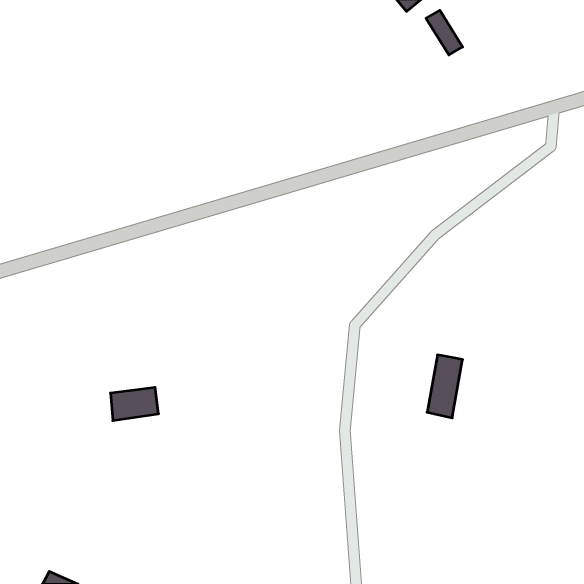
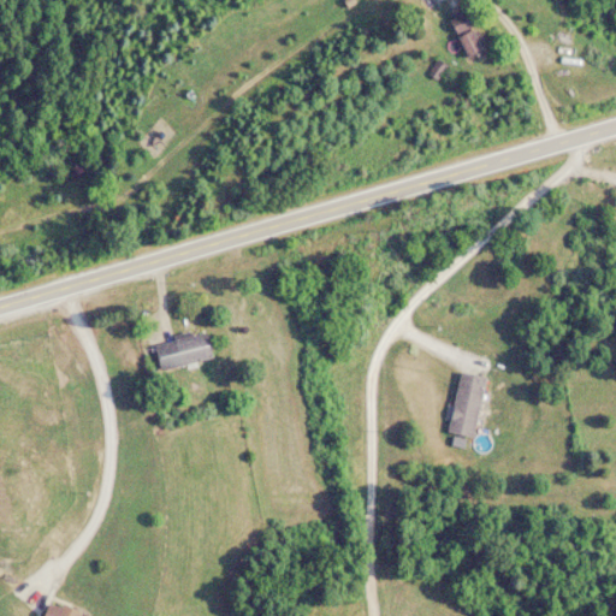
building: [110,387,159,421] -> [156,334,207,369]

